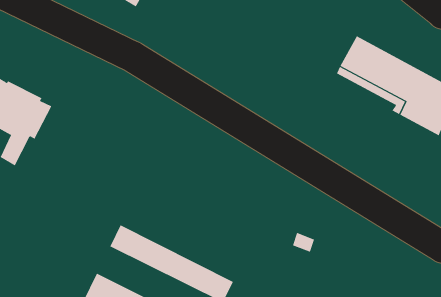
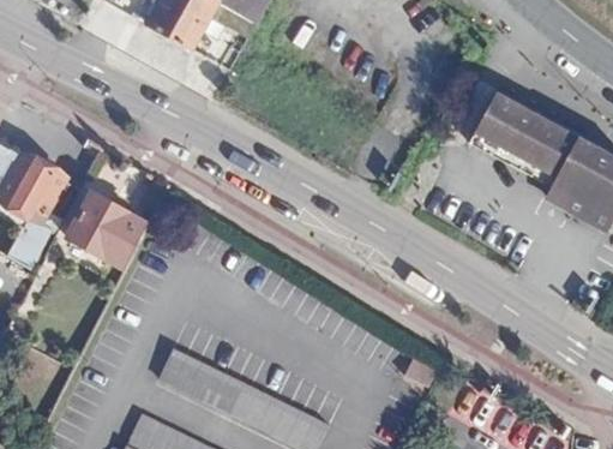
building: none -> [68,192,150,270]

